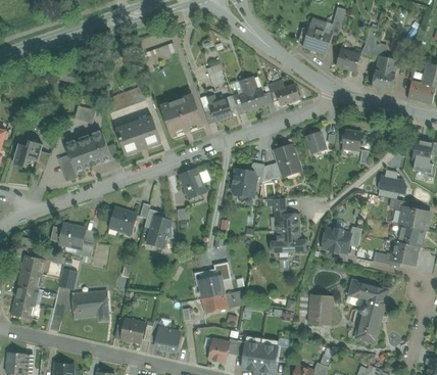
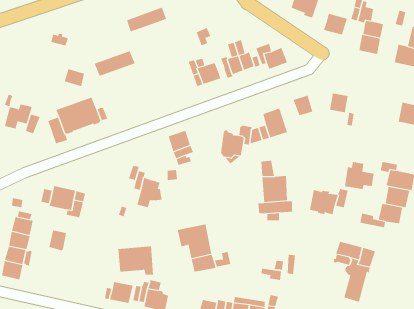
building: [161,95,202,137] -> none
building: [115,118,160,154] -> none
building: [377,169,407,197] -> [344,161,374,190]
building: [109,208,137,233] -> none
building: [71,291,108,321] -> [117,246,154,275]
building: [307,293,333,324] -> none

